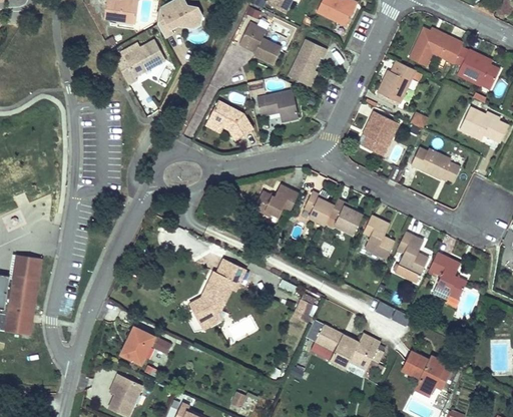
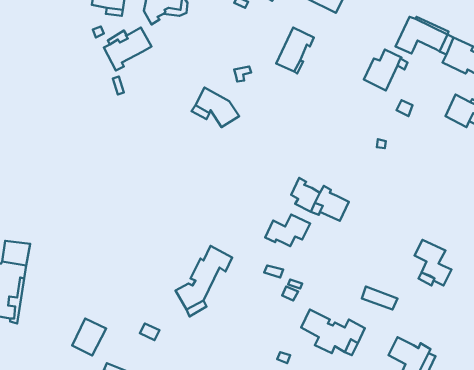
building: [239,21,282,63] -> none
building: [256,89,297,120] -> none
building: [359,111,399,156] -> none
building: [412,147,460,180] -> none
building: [253,184,299,217] -> [265,214,310,246]
building: [364,216,395,258] -> none
building: [394,232,428,283] -> none
building: [120,326,154,363] -> [72,319,106,355]

